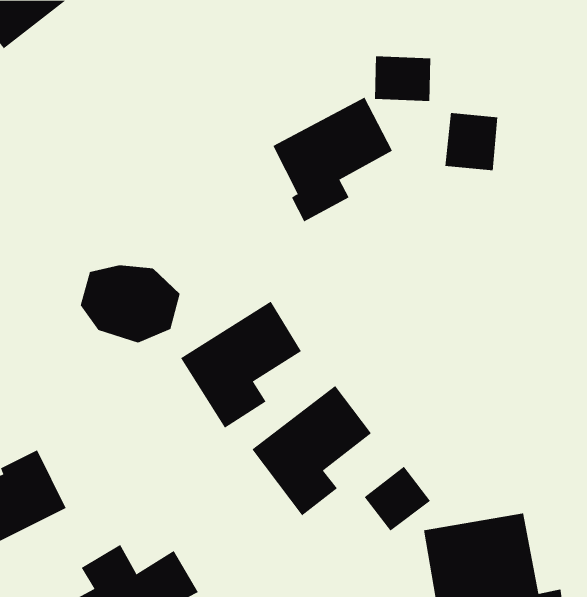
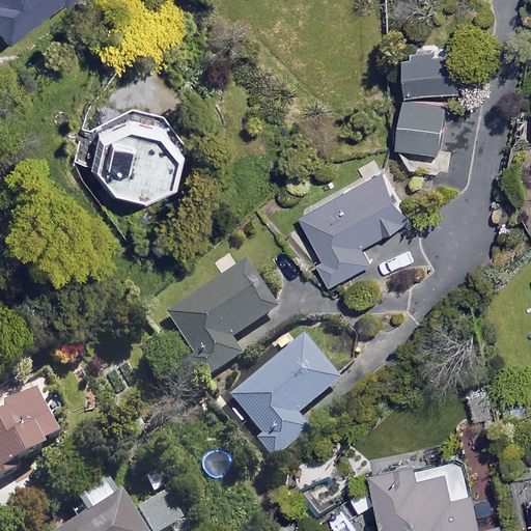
building: [374,56,431,102] -> [407,54,457,94]
building: [272,97,393,222] -> [300,173,407,284]
building: [80,265,180,343] -> [91,129,180,198]
building: [364,466,431,531] -> none

